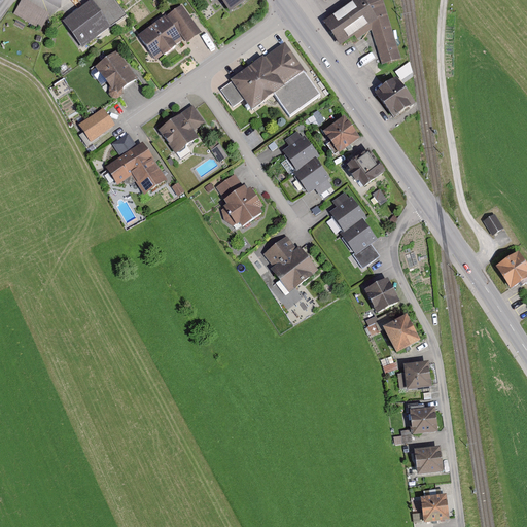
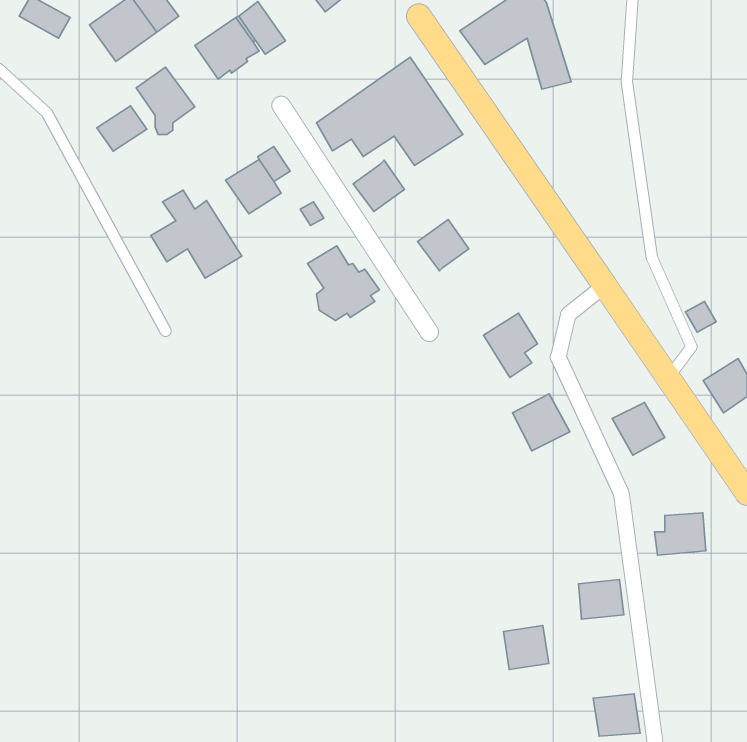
building: [374,77,416,122] -> none
building: [79,106,114,138] -> [97,106,147,151]
building: [321,117,360,155] -> none
building: [282,132,318,168] -> [353,160,405,211]
building: [345,149,385,189] -> none
building: [329,190,364,236] -> none
building: [264,233,322,292] -> none
building: [382,318,419,355] -> [612,402,665,455]
building: [396,361,432,391] -> [655,513,706,555]
building: [413,445,445,476] -> [503,626,549,669]

